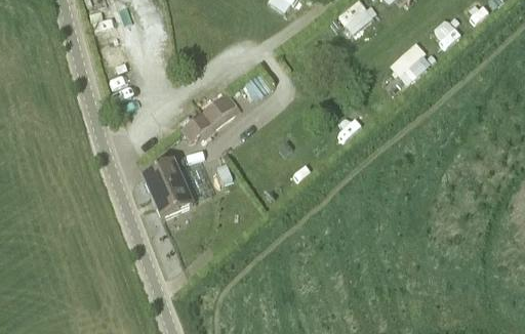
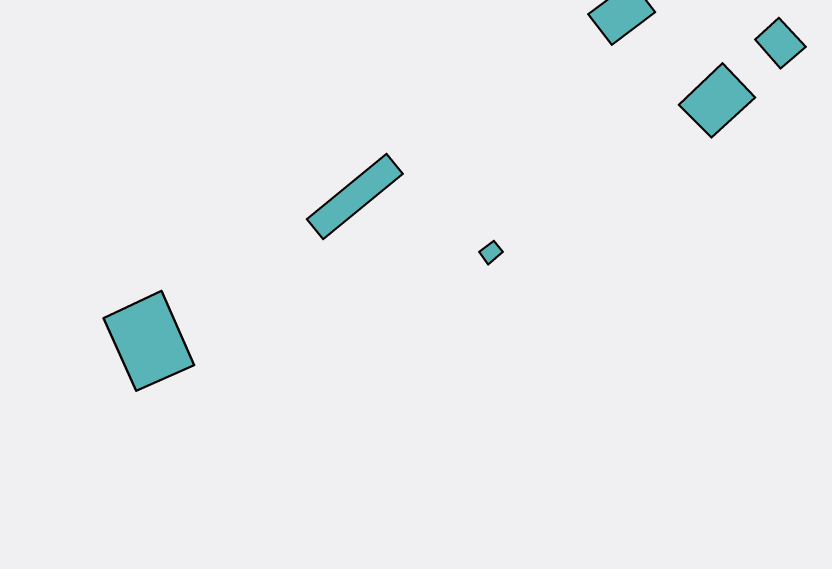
building: [142,164,193,220] -> [103,291,194,391]

